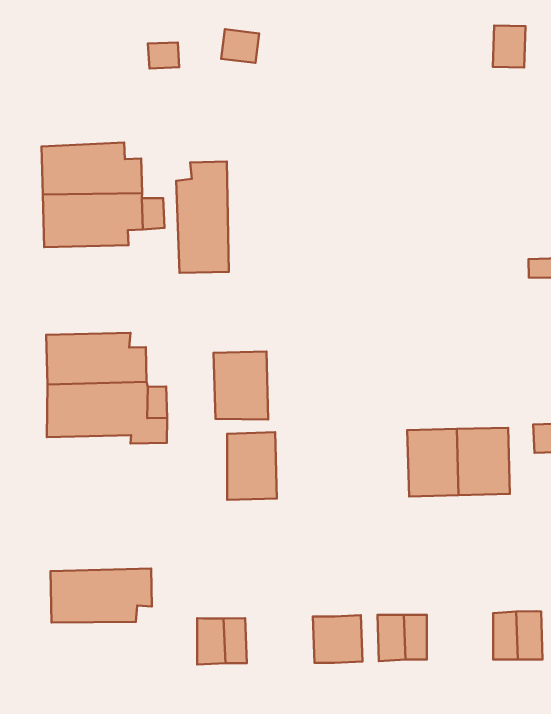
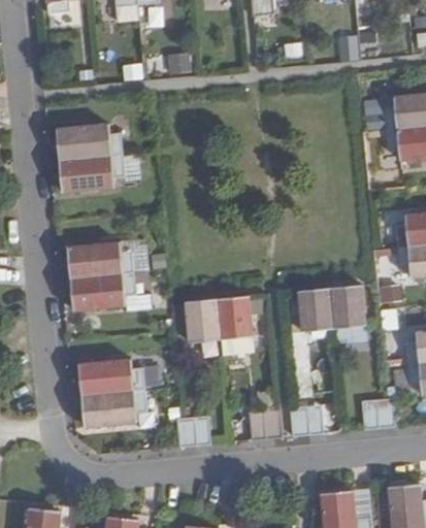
building: [176,161,229,273] -> none
building: [214,352,268,419] -> [216,295,253,339]
building: none -> [78,359,144,395]

